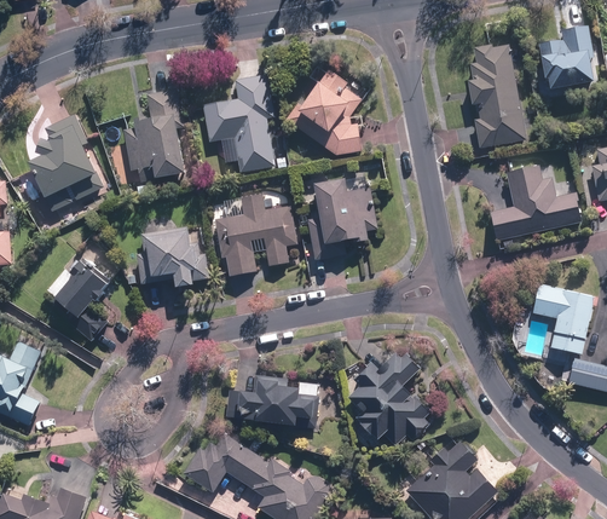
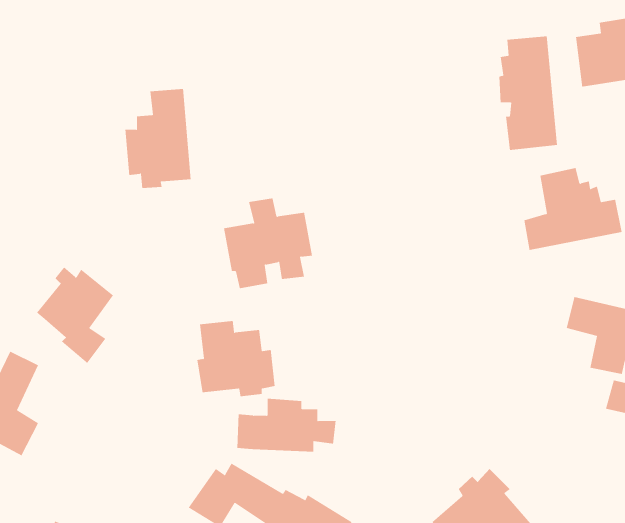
building: [300,67,363,156] -> none
building: [202,77,273,172] -> none
building: [29,115,104,211] -> none
building: [305,178,376,260] -> none
building: [135,218,208,288] -> [196,320,276,397]
building: [347,350,430,445] -> none

